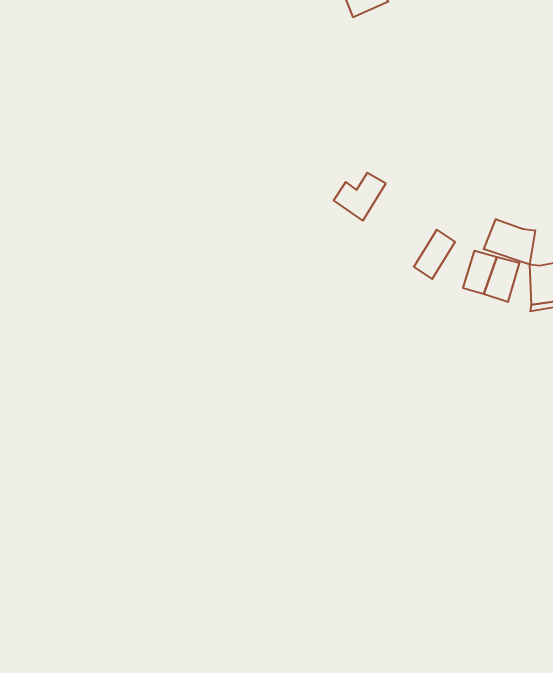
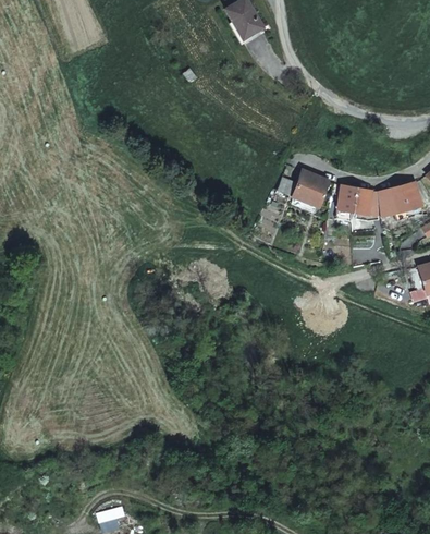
building: [334,173,386,221] -> [283,168,316,199]
building: [484,219,535,264] -> none

